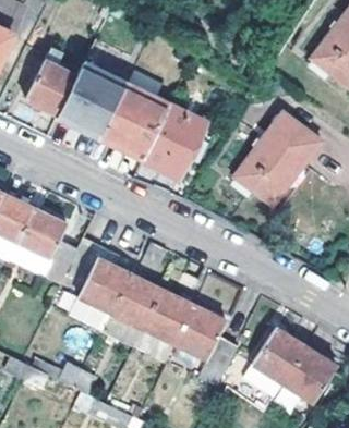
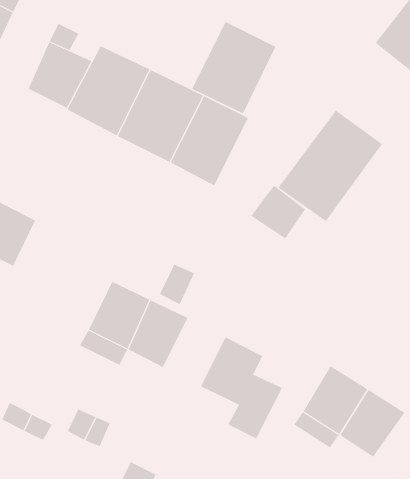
building: none -> [191,21,276,114]
building: none -> [251,185,306,239]
building: [13,207,77,289] -> none
building: [137,288,189,344] -> none

